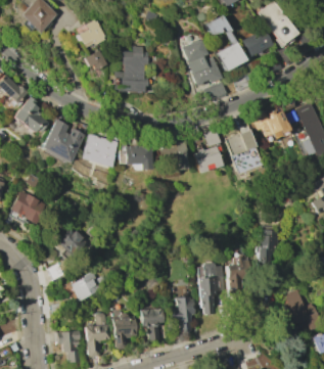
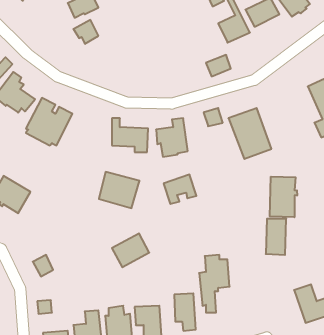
building: [179,39,221,86] -> none
building: [111,46,148,93] -> none
building: [250,103,292,140] -> none
building: [81,133,118,166] -> [99,172,140,208]
building: [192,146,222,173] -> [164,175,196,204]
building: none -> [270,177,297,217]
building: [58,226,88,256] -> none
building: [228,257,251,293] -> none
building: [70,271,103,302] -> [112,233,149,267]

